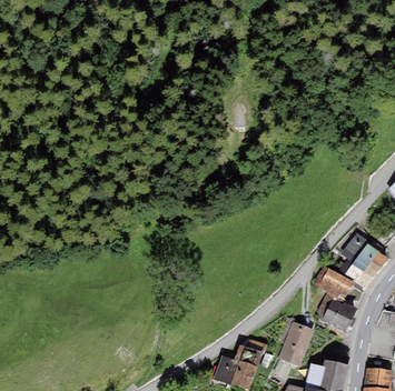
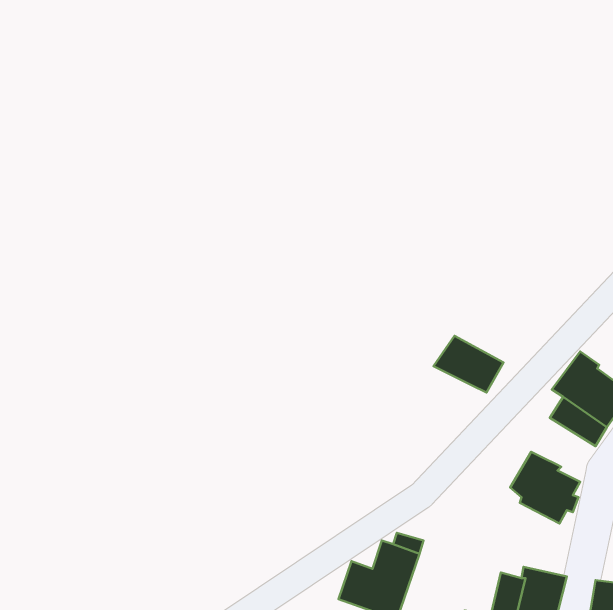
building: [313,267,354,300] -> [434,336,503,393]
building: [278,322,314,367] -> none

